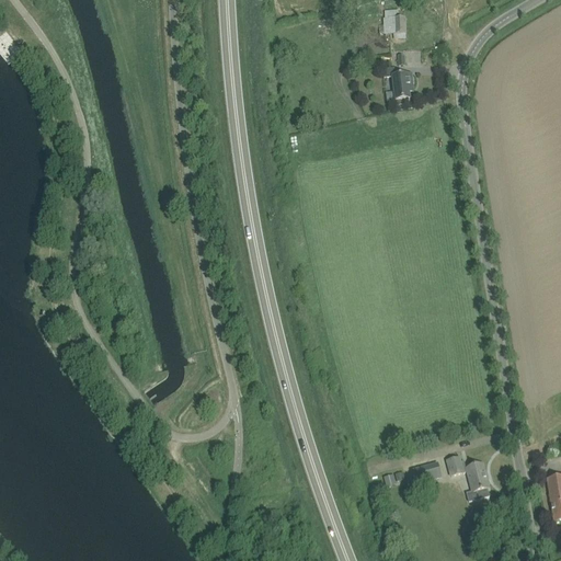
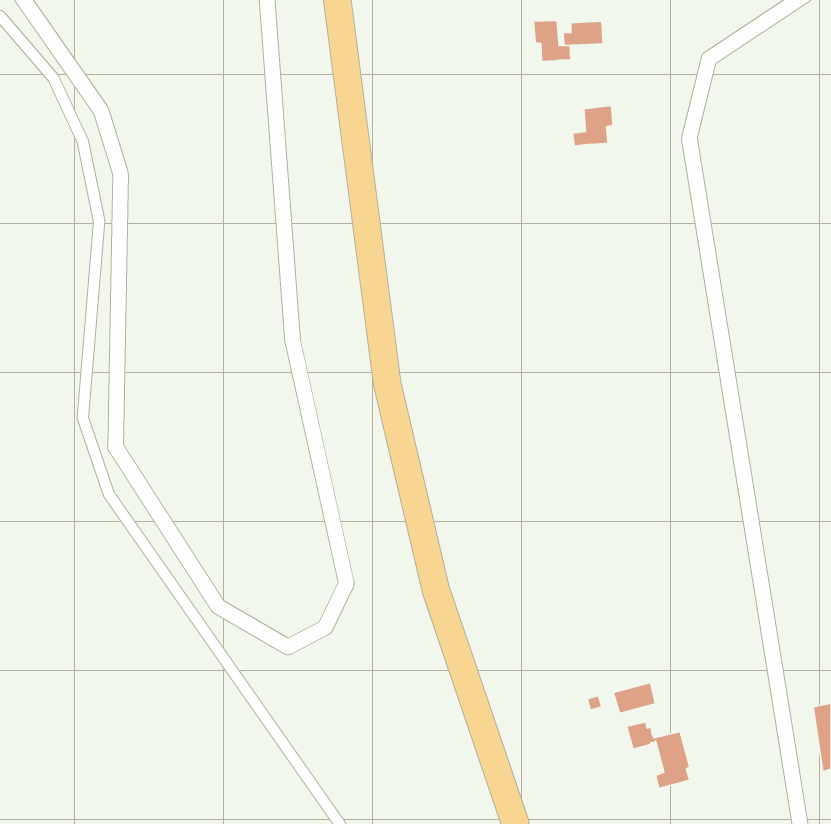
building: none -> [534,21,571,62]
building: [447,455,490,500] -> [626,722,690,788]

